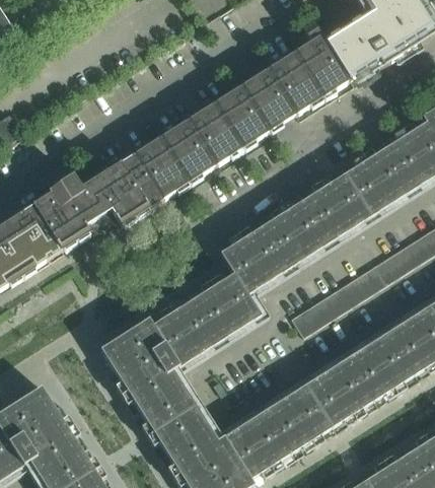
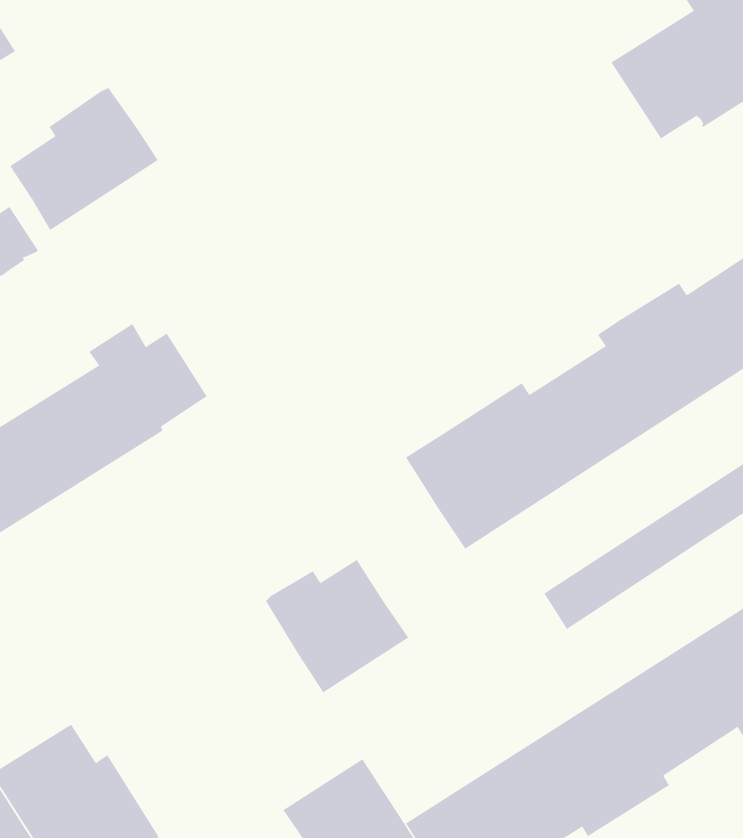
building: [92,22,353,224] -> none
building: none -> [9,87,158,231]
building: [193,246,262,341] -> none
building: [100,322,196,432] -> none

